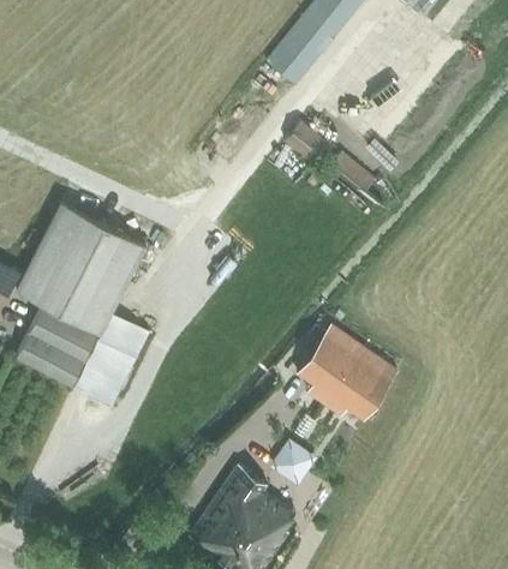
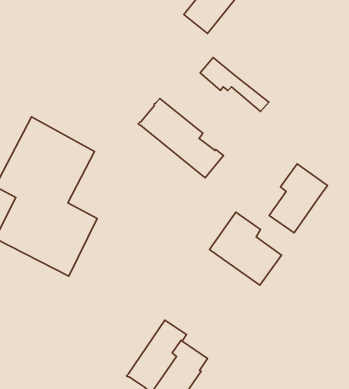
building: none -> [138,99,224,178]
building: none -> [269,164,328,233]
building: [271,443,311,483] -> none

